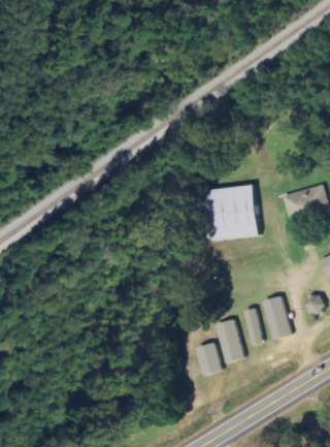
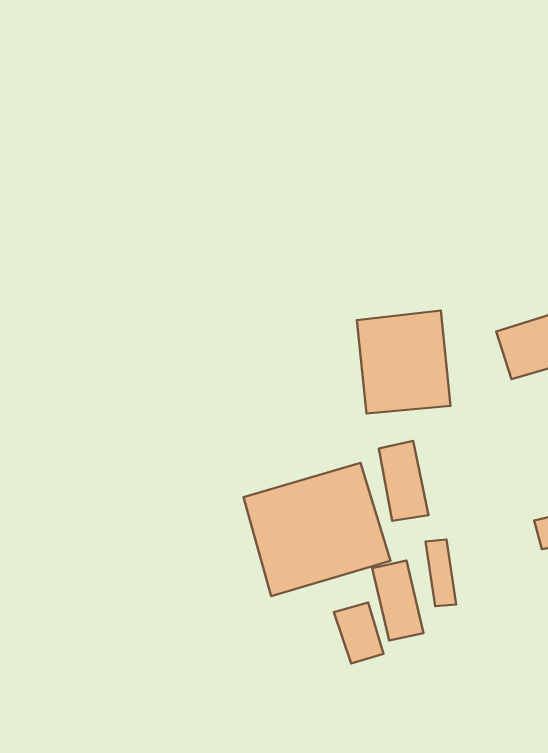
building: none -> [243,463,390,596]
building: [263,295,290,339] -> [379,441,428,521]

